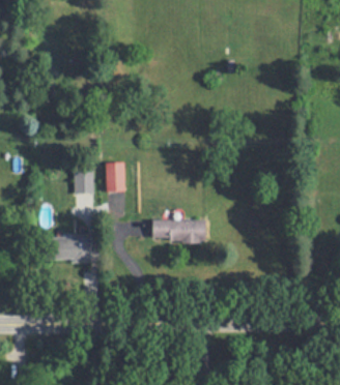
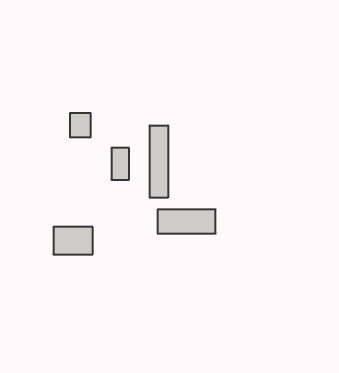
building: none -> [150,125,168,198]
building: [74,171,93,194] -> [70,113,91,137]

